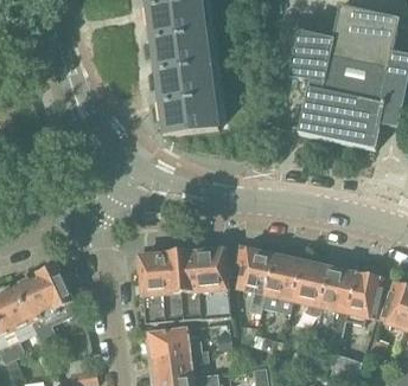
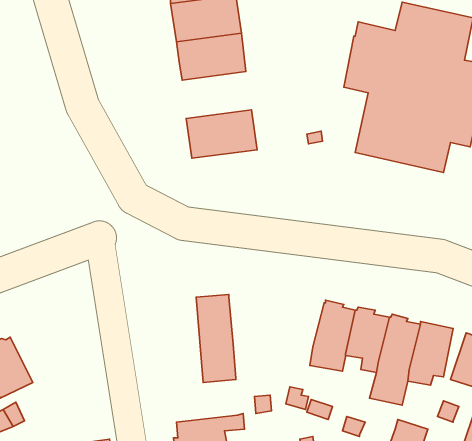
building: [157,63,215,102] -> none
building: [237,245,274,313] -> none
building: [196,246,230,322] -> none
building: [136,251,174,324] -> none
building: [13,264,81,345] -> none
building: [145,327,203,355] -> none

